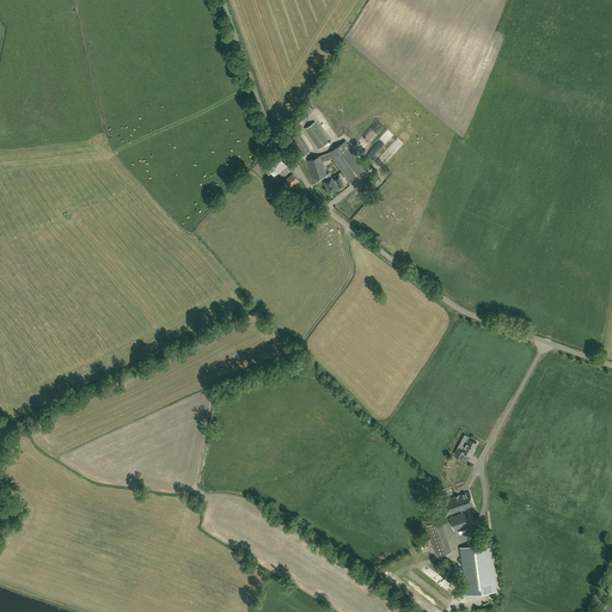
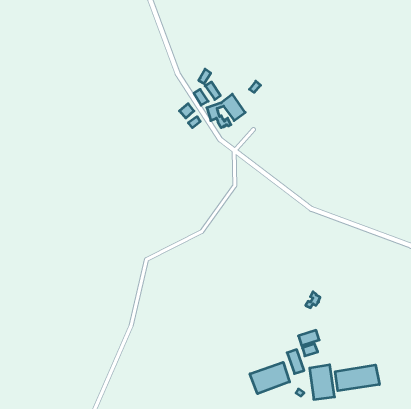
building: none -> [250,362,290,394]
building: none -> [335,365,379,391]

